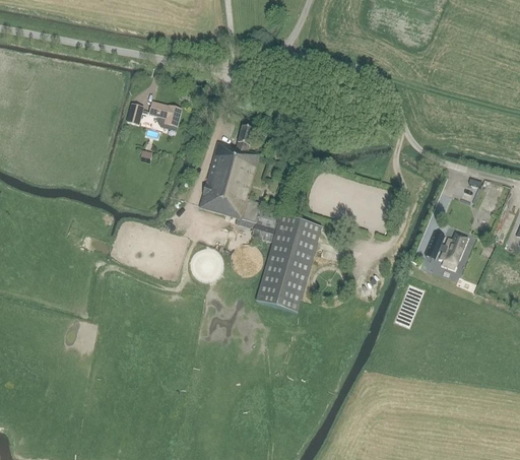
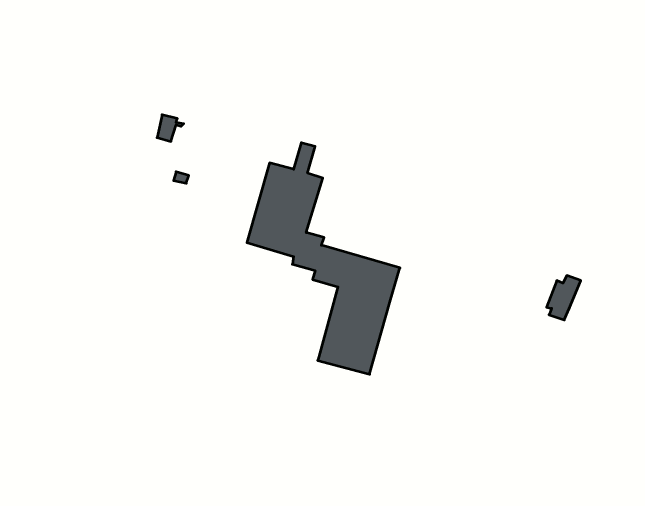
building: [149,101,182,130] -> none

